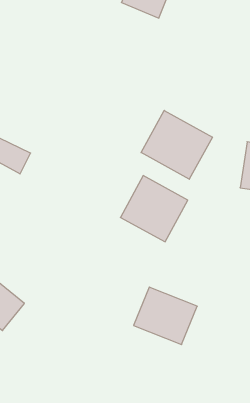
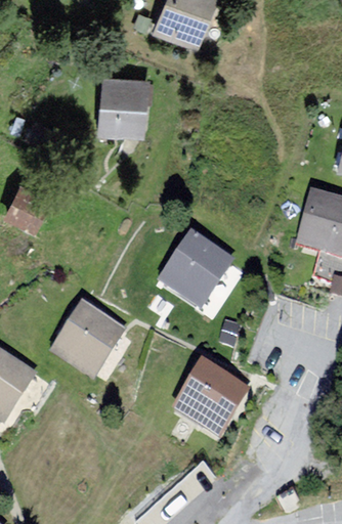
building: none -> [99,72,148,133]
building: [141,110,212,179] -> none
building: none -> [52,305,123,374]

